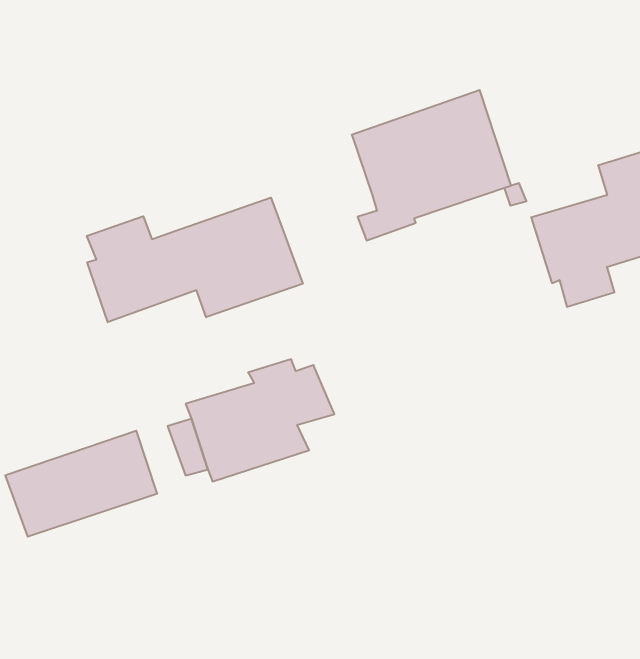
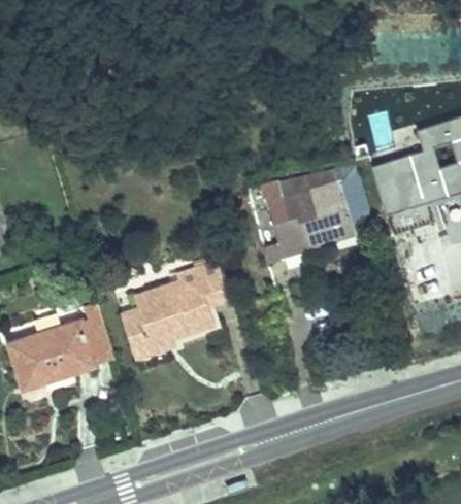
building: [352,90,511,241] -> [257,161,367,265]
building: [87,198,303,322] -> none

